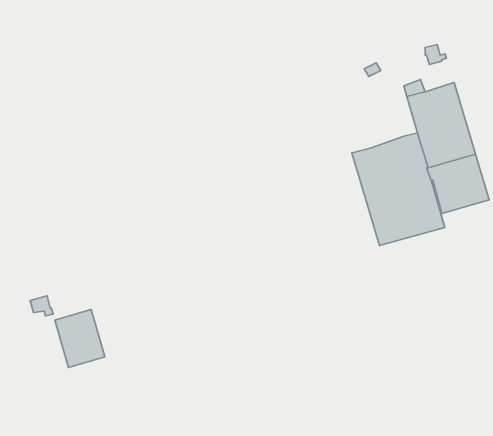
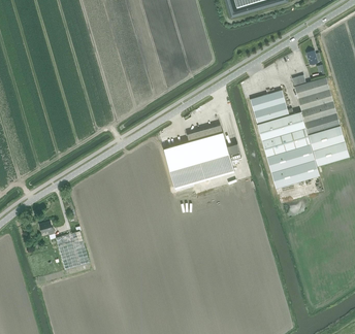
building: none -> [250,90,293,123]
building: none -> [163,124,241,188]

